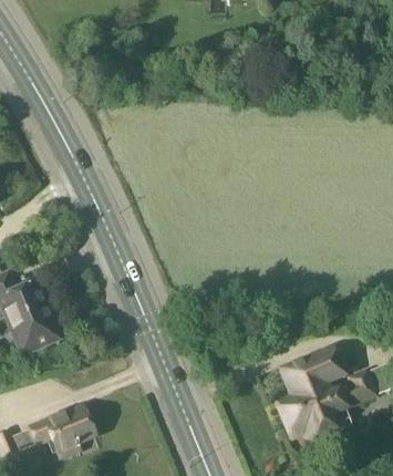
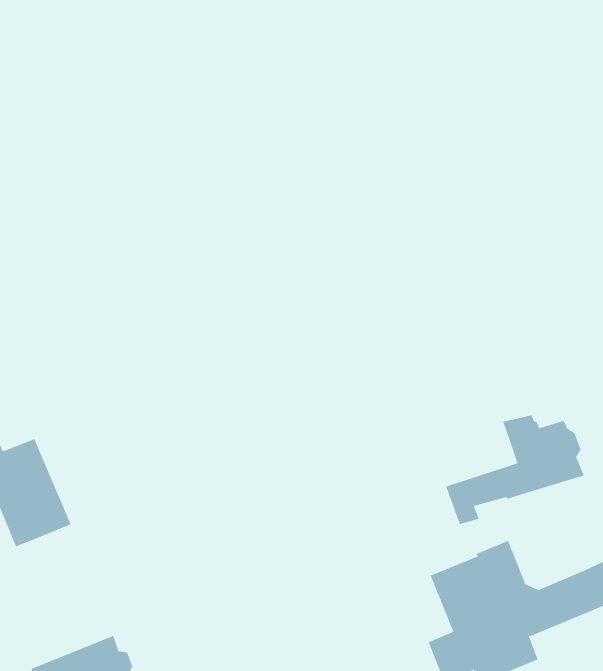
building: none -> [446,415,584,525]

